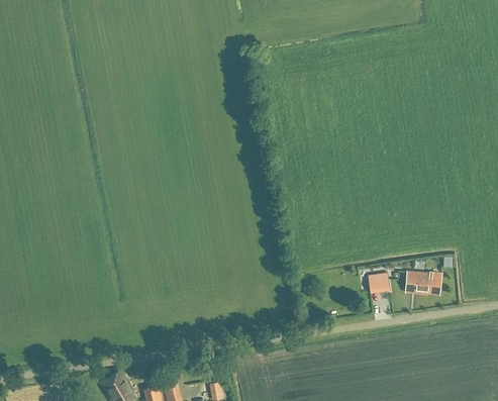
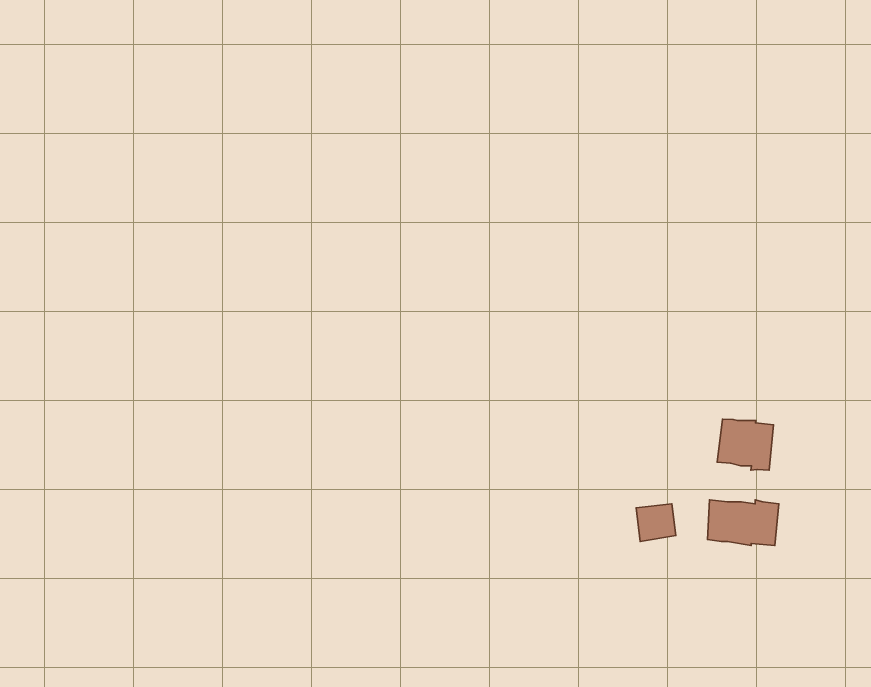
building: none -> [717,419,774,470]

